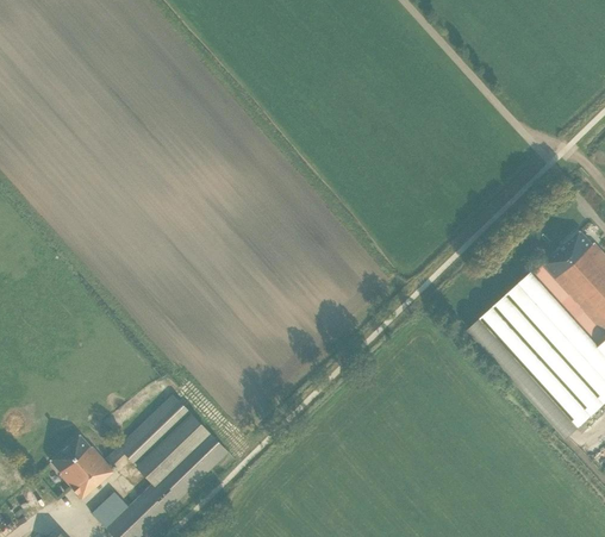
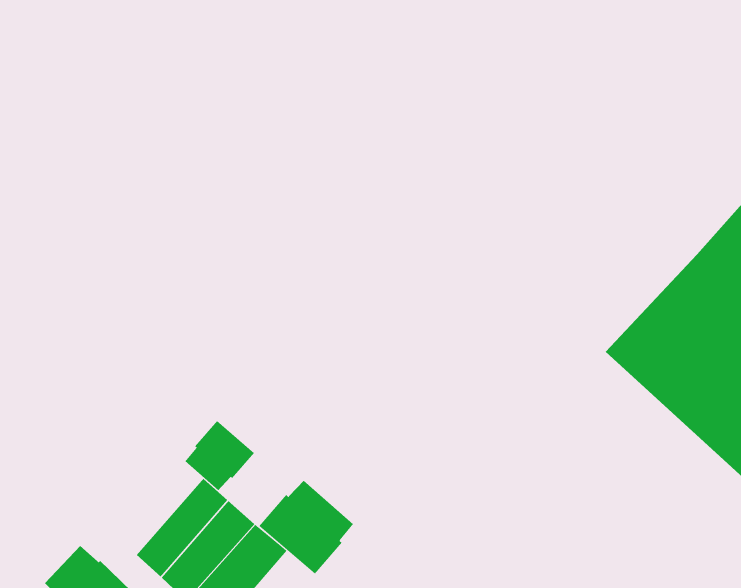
building: none -> [185,420,255,491]
building: none -> [259,480,354,574]

